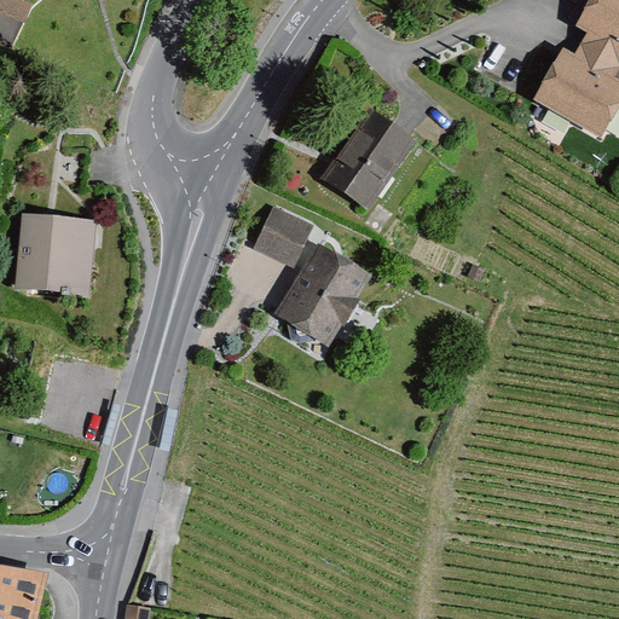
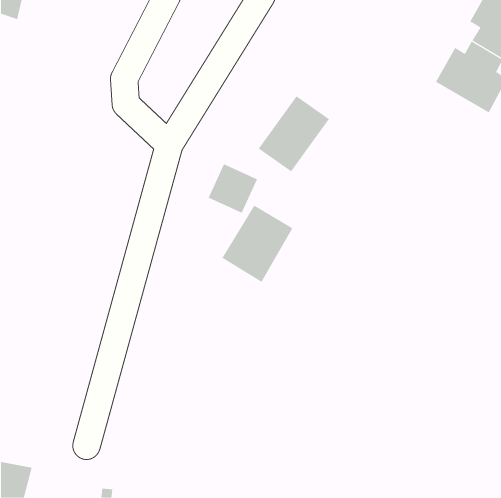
building: [15,213,92,295] -> none

